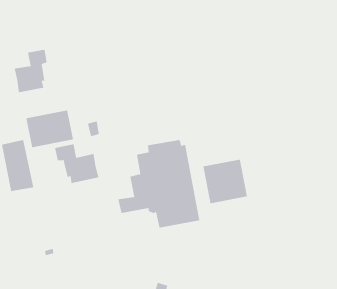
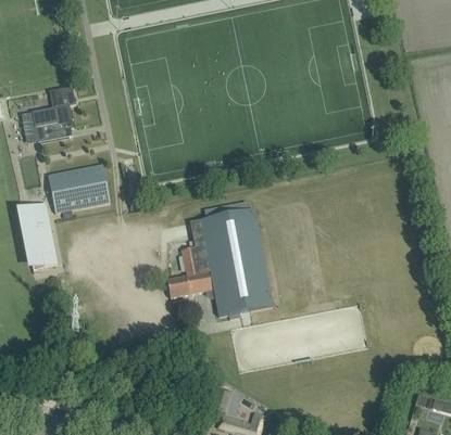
building: [55,144,99,184] -> none
building: [203,159,248,204] -> none

